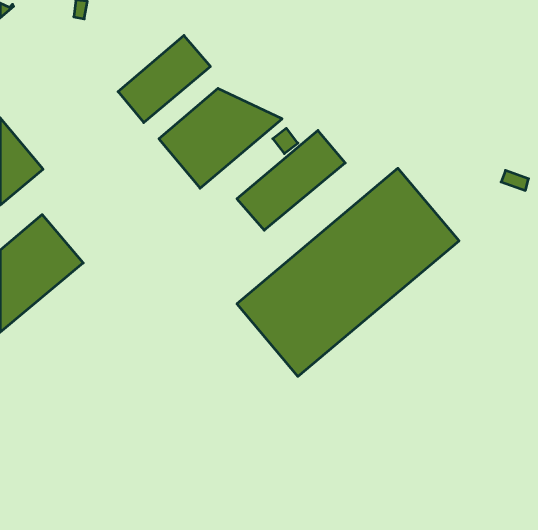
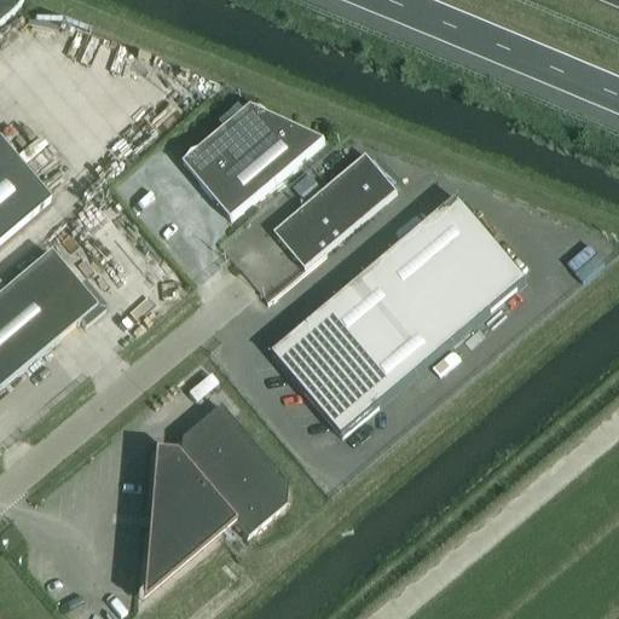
building: [118,35,210,123] -> none
building: none -> [140,400,287,597]

